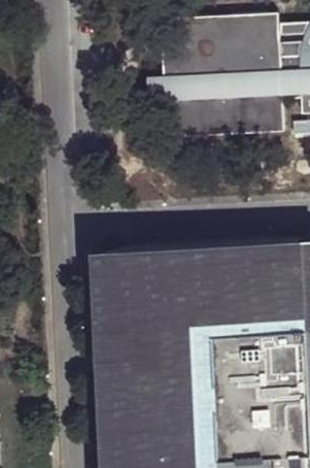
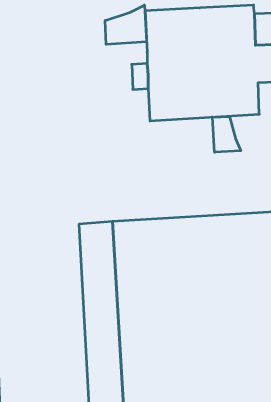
building: none -> [105,5,147,44]
building: none -> [212,117,241,152]

